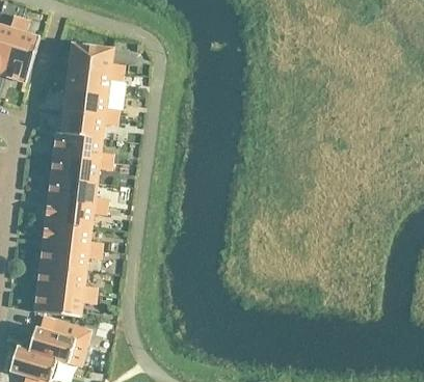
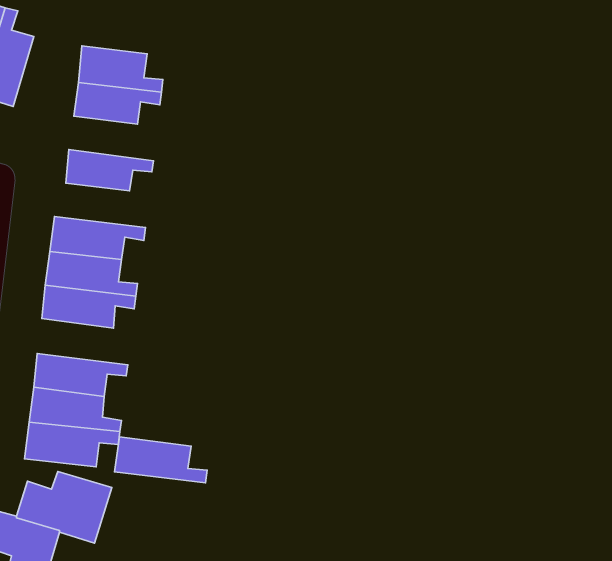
building: [62,88,118,117] -> none
building: [53,131,112,161] -> none
building: [42,220,102,250] -> [115,437,207,483]

